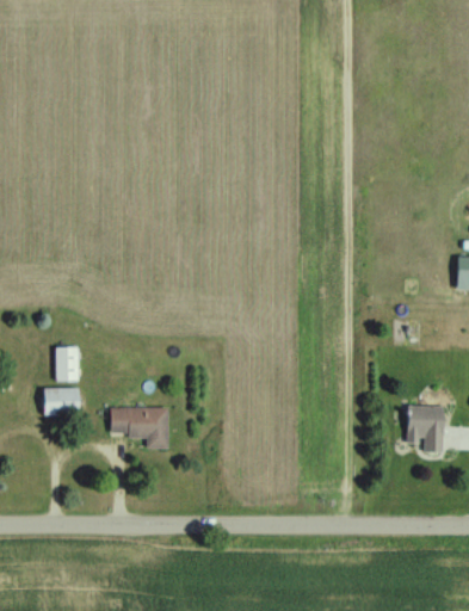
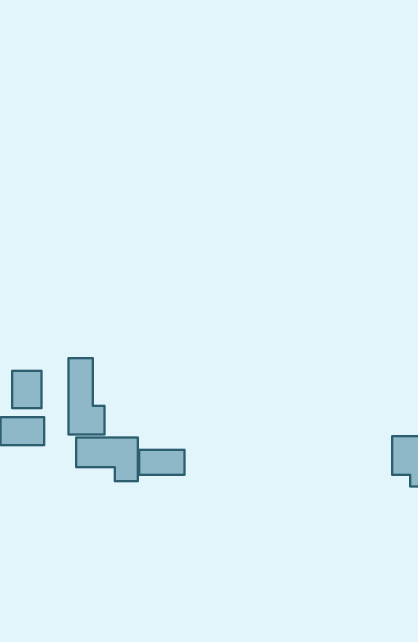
building: none -> [68,358,104,434]
building: none -> [139,450,184,475]

